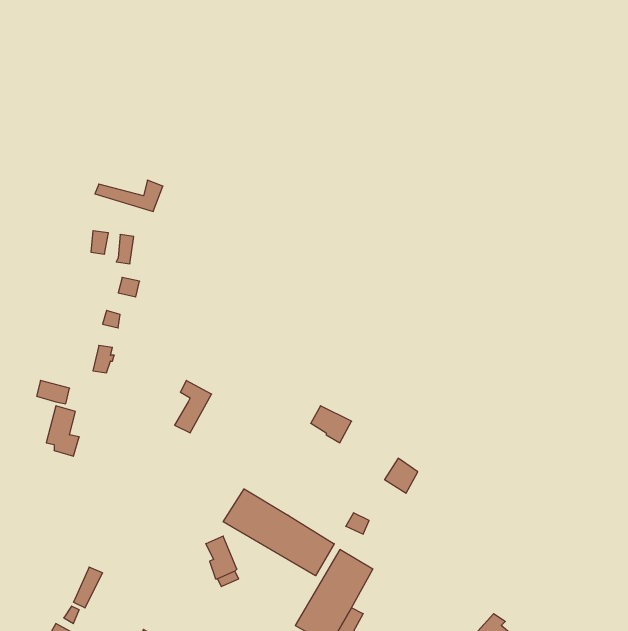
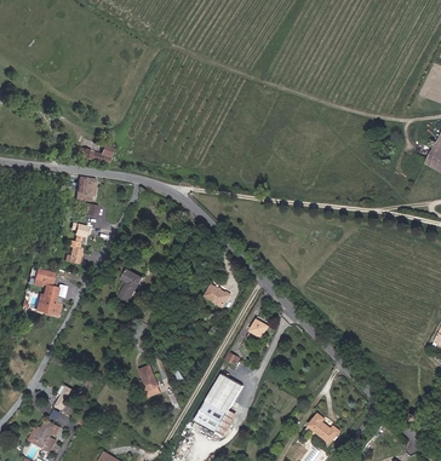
building: [223,489,334,576] -> none

